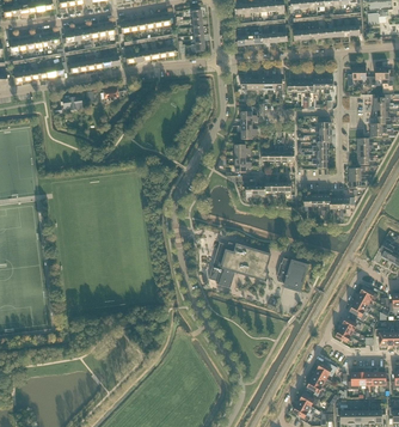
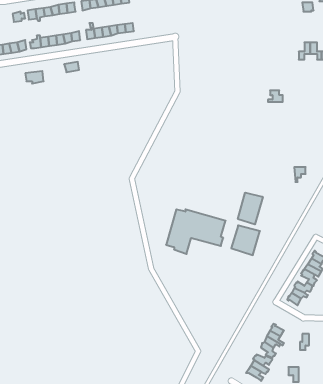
building: none -> [238,193,263,224]

